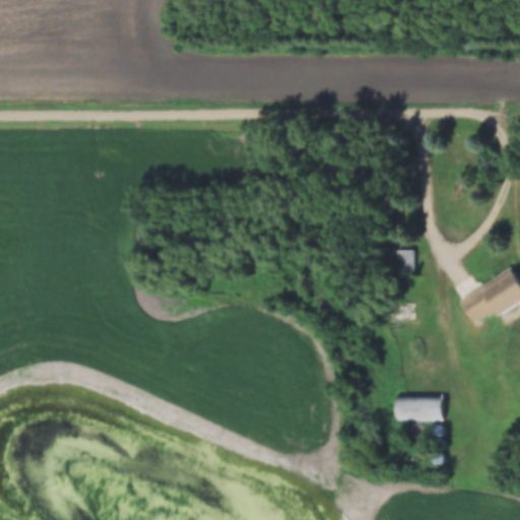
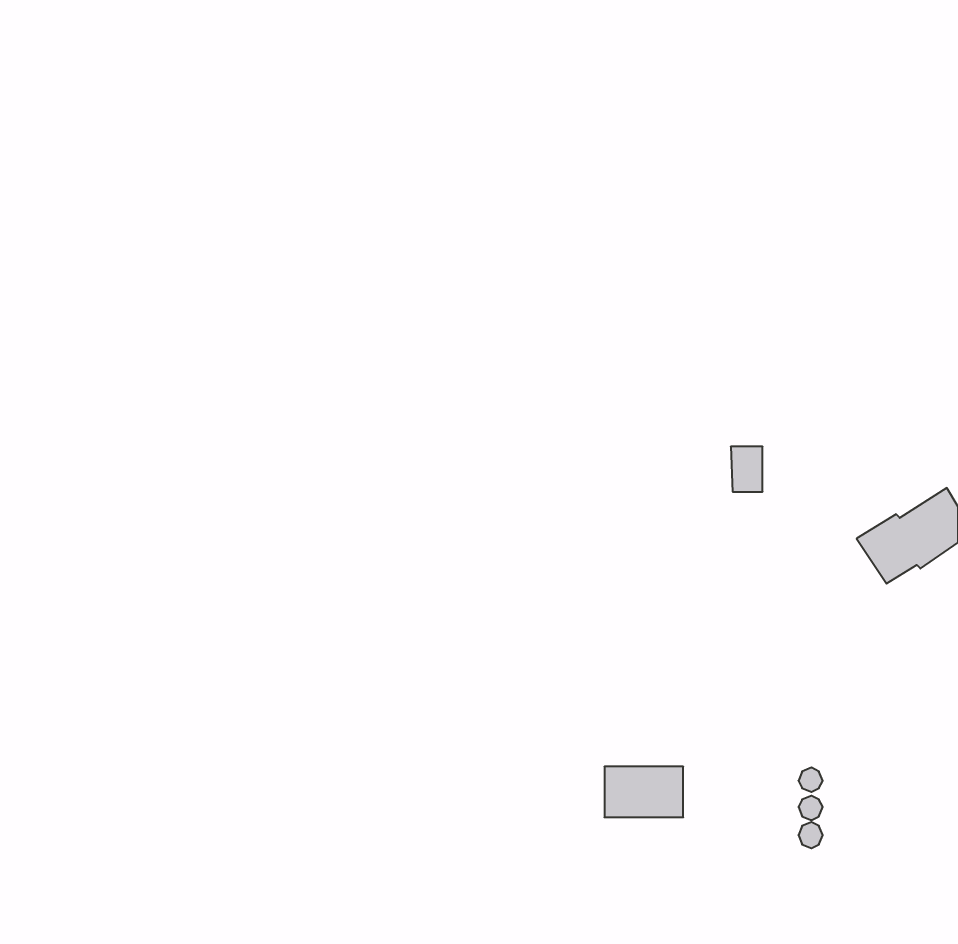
building: [397,393,440,420] -> [604,767,683,817]

